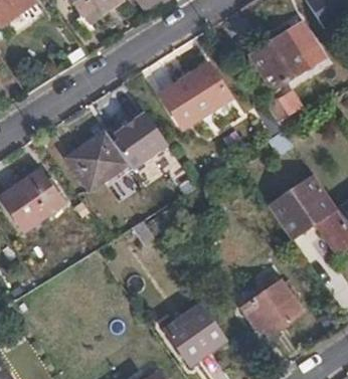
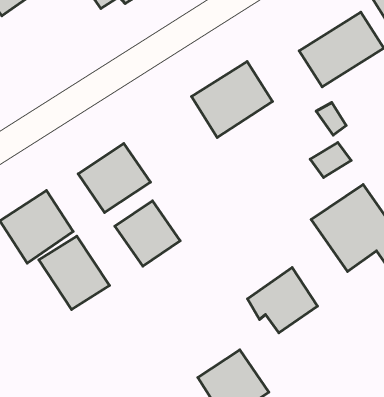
building: [113,112,167,166] -> [115,201,180,266]
building: none -> [39,236,110,309]
building: [244,280,303,335] -> [247,268,318,333]

